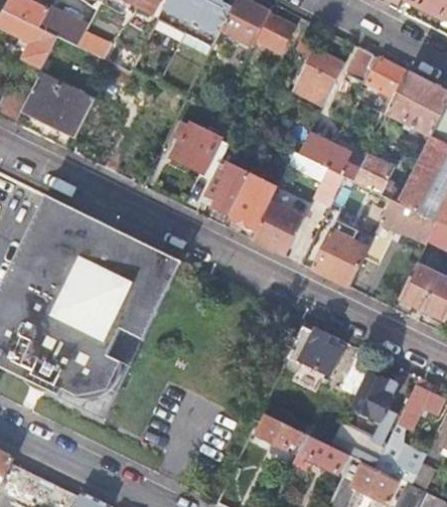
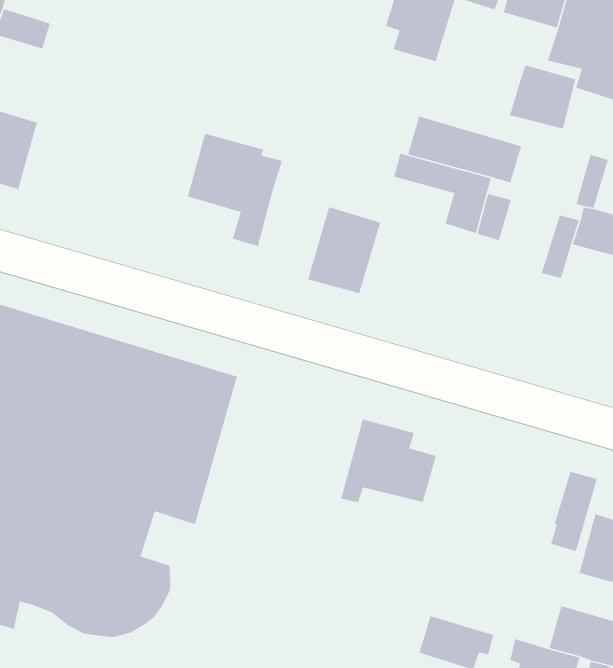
building: [352,155,394,195] -> [509,64,576,130]
building: [203,161,249,214] -> none
building: [252,201,303,255] -> none
building: [311,220,367,287] -> none
building: [284,321,342,374] -> [340,418,437,503]

